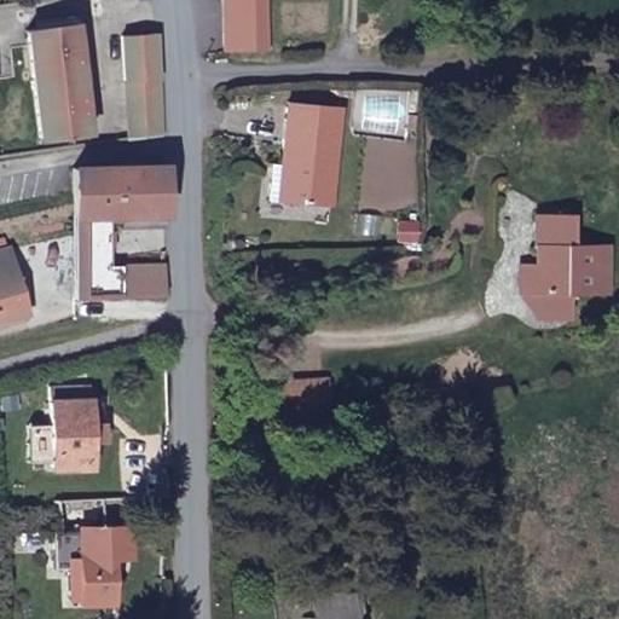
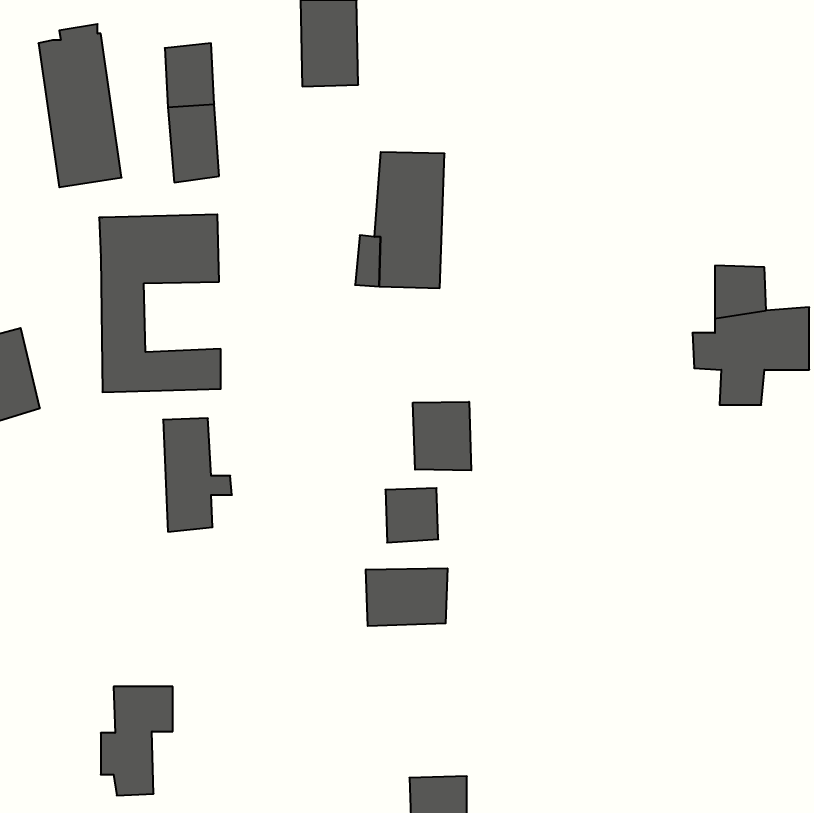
building: none -> [413,402,471,470]
building: [56,382,108,468] -> [163,418,232,532]
building: none -> [366,568,447,626]

